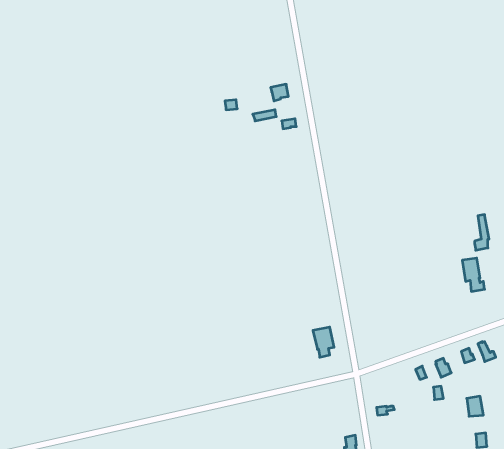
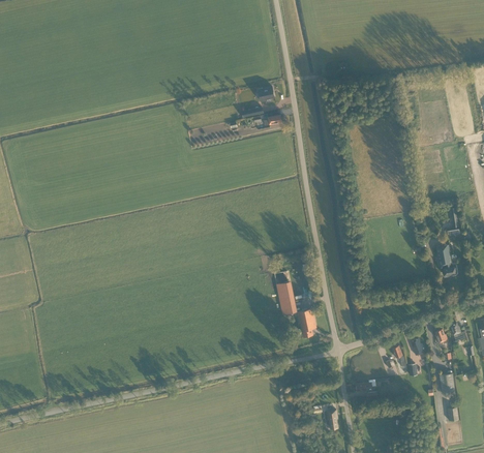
building: none -> [276,282,297,315]

